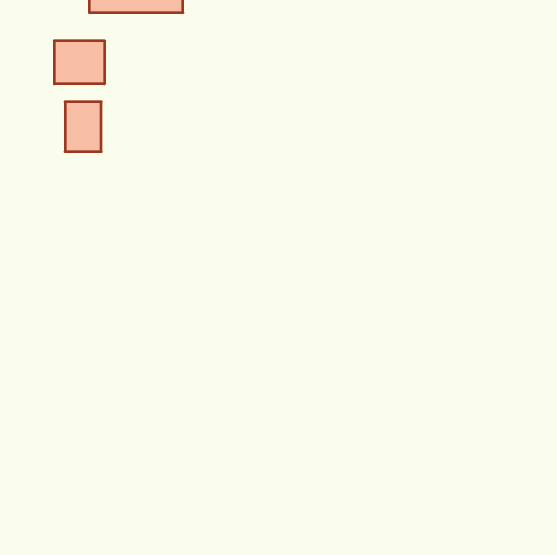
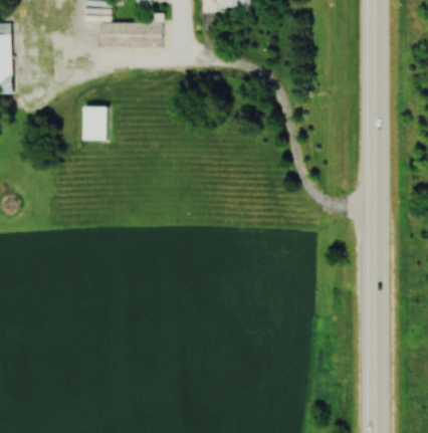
building: [54,41,104,84] -> none

